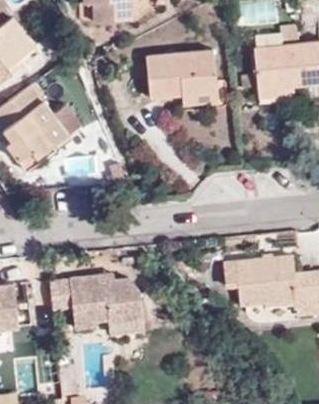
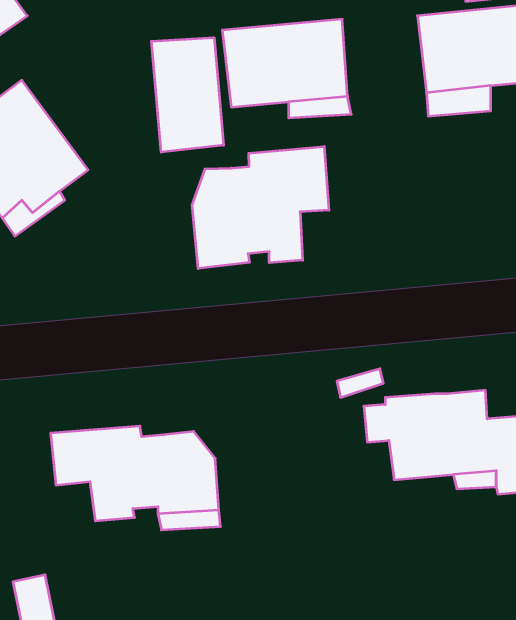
building: none -> [151,38,224,152]
building: none -> [192,146,329,269]

